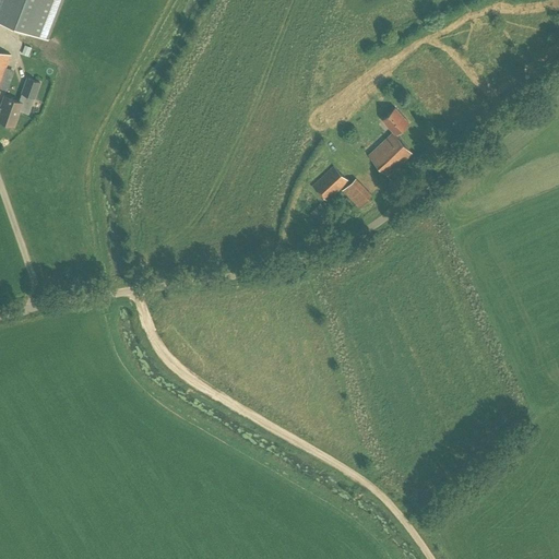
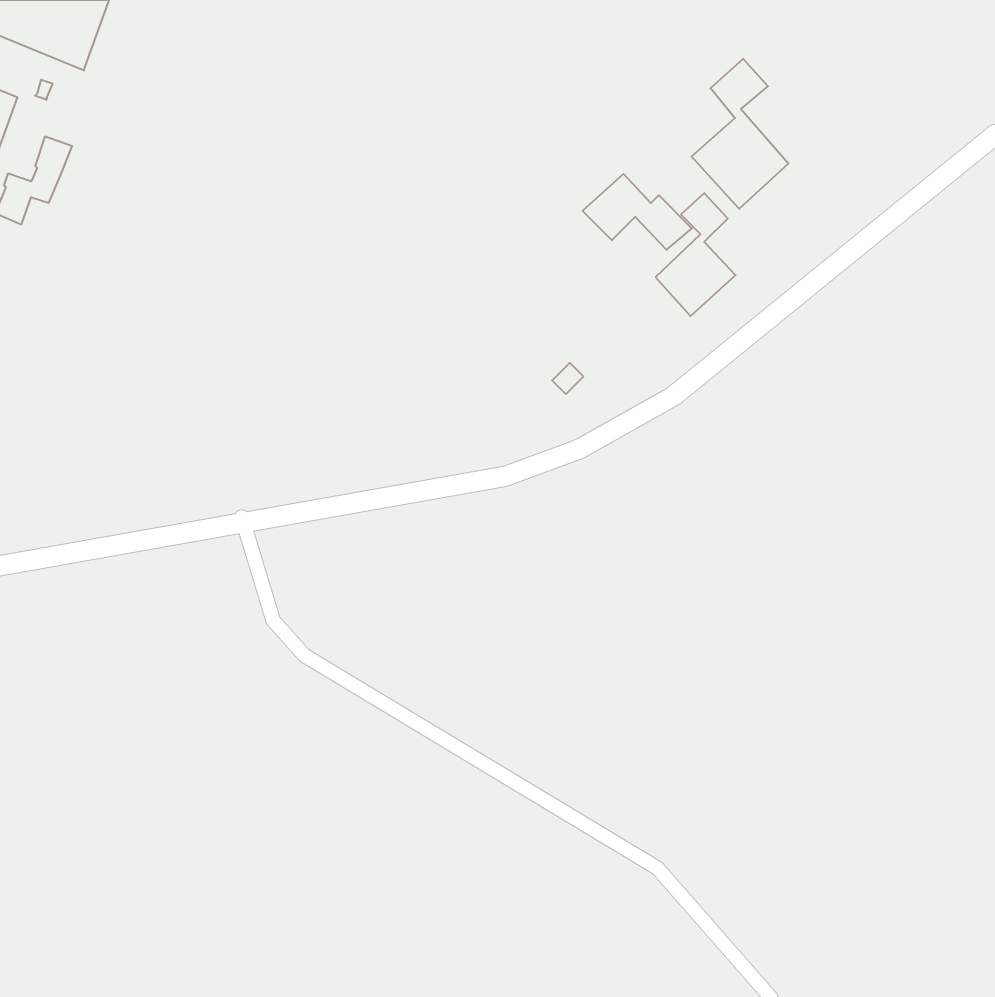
building: none -> [692,59,788,209]
building: [310,165,371,207] -> [583,174,692,250]

